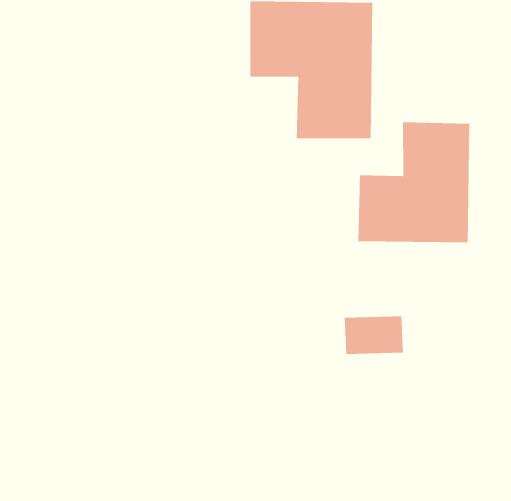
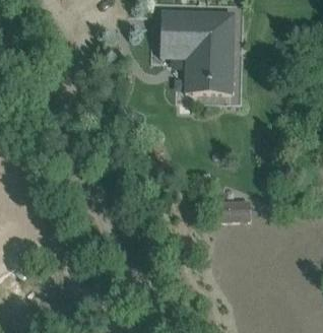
building: [358,121,470,243] -> none

